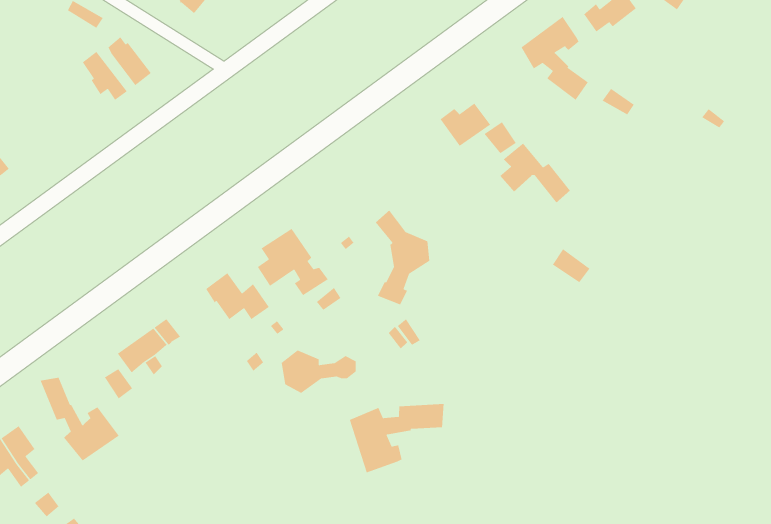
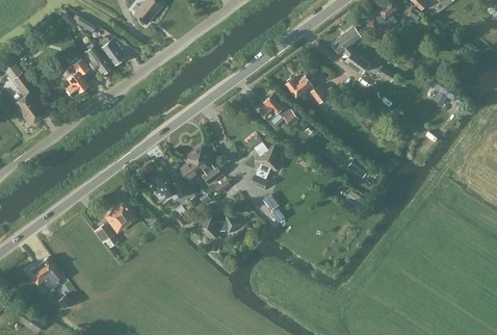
building: none -> [66,59,88,97]
building: [499,143,571,203] -> [261,94,302,128]
building: [39,377,120,462] -> none
building: [349,403,445,474] -> none

